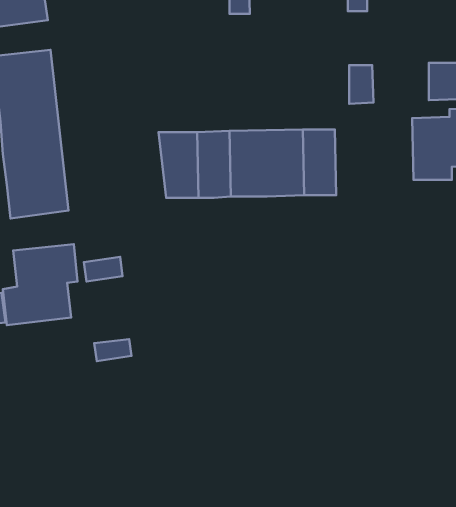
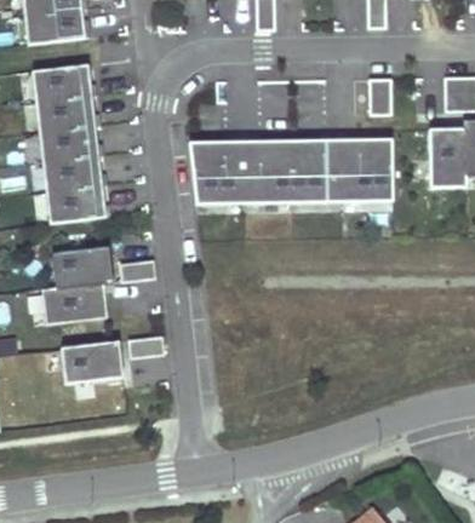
building: none -> [355,138,391,201]
building: none -> [62,341,124,383]

